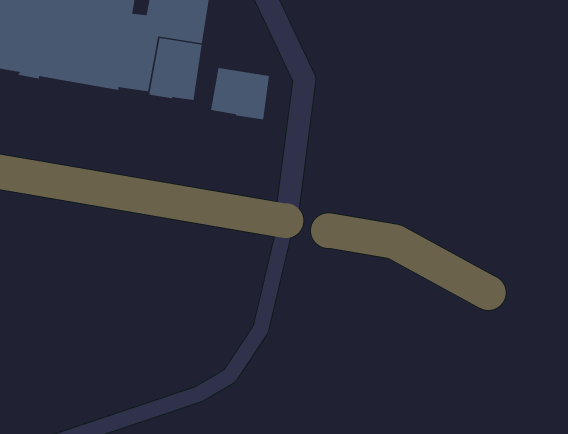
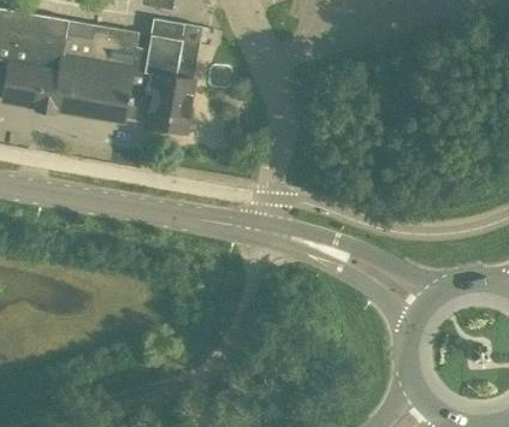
building: [210,67,270,120] -> none

